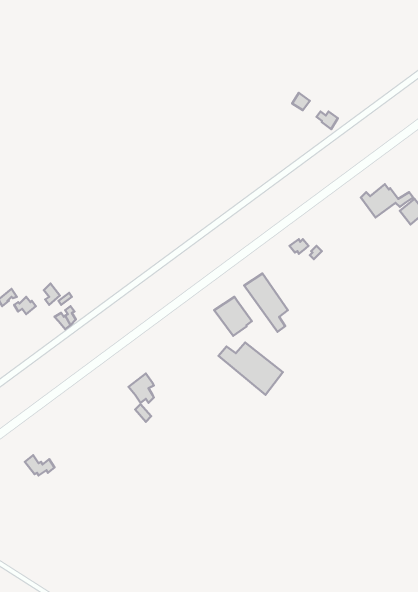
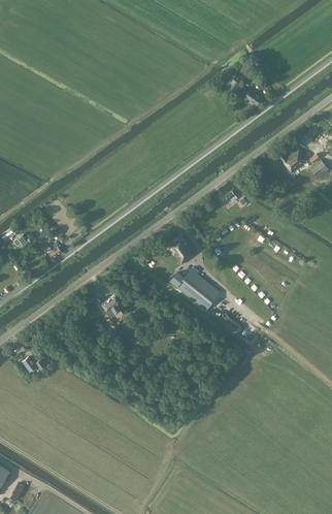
building: [244,274,288,332] -> none

